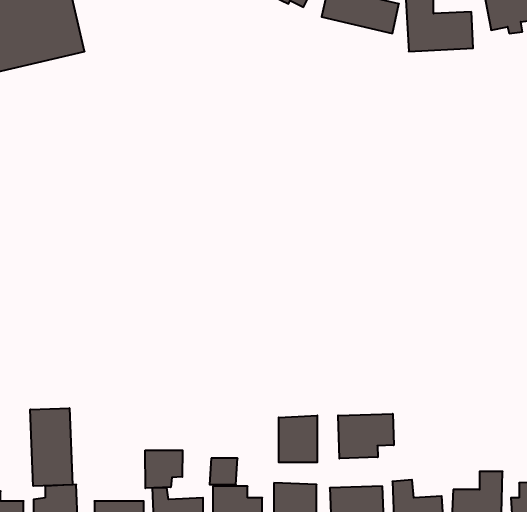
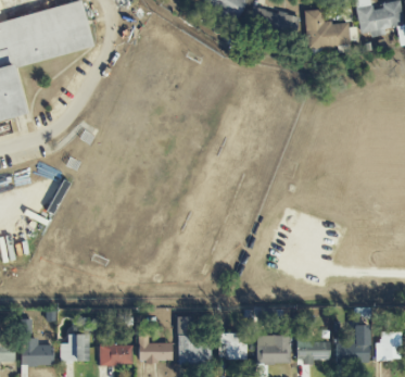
building: [30,408,73,486] -> none
building: [338,414,394,459] -> none
building: [279,415,317,462] -> none
building: [145,450,183,488] -> none

